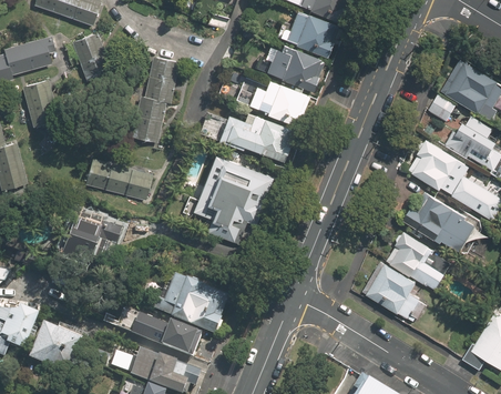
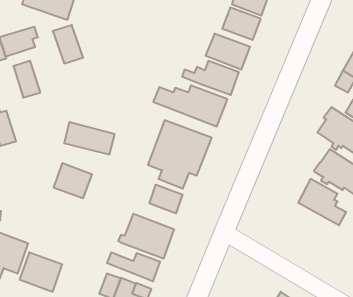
building: [133,57,176,142] -> none
building: none -> [149,185,183,213]
building: [365,261,428,317] -> none

